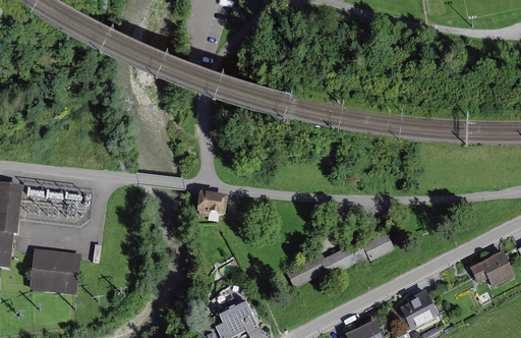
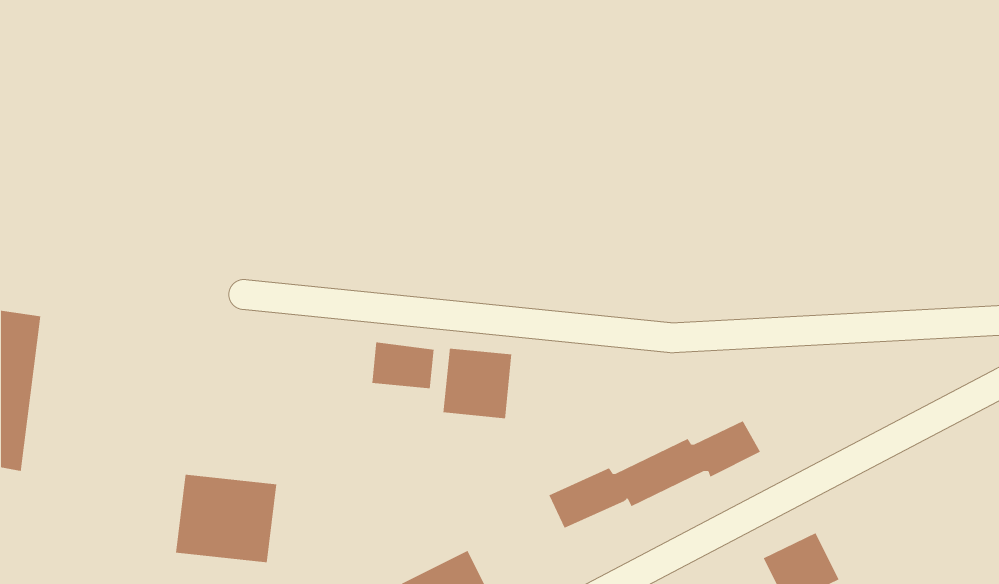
building: none -> [443,348,512,419]
building: [31,241,83,287] -> [175,474,277,563]
building: [467,252,512,292] -> none

